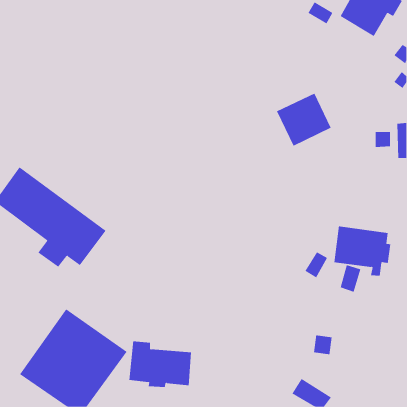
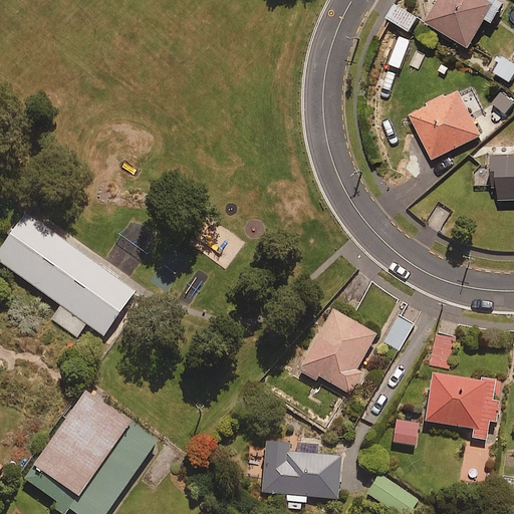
building: [276,93,332,146] -> [411,90,480,158]
building: [333,226,391,276] -> [426,375,498,439]
building: none -> [298,311,374,394]
building: [129,341,192,387] -> [260,442,339,500]

